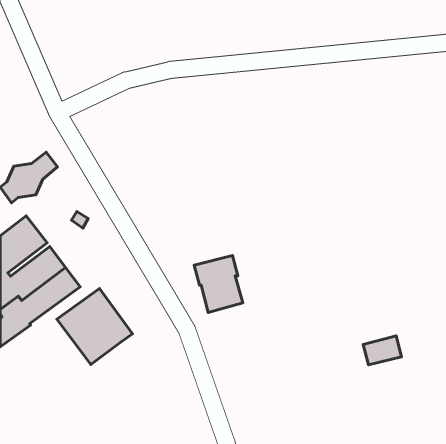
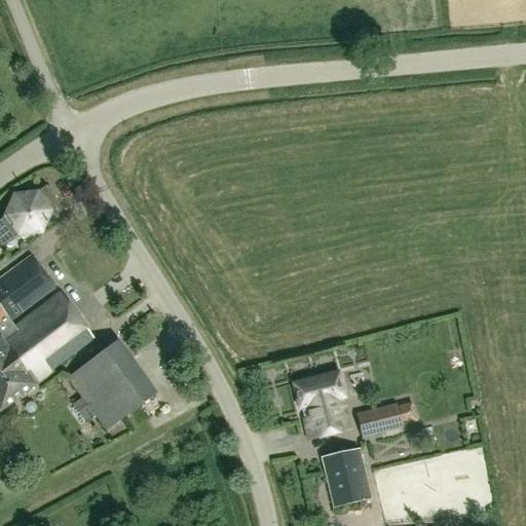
building: [194,256,243,312] -> [293,371,350,438]
building: [363,336,402,365] -> [356,402,402,436]
building: none -> [322,447,369,505]

